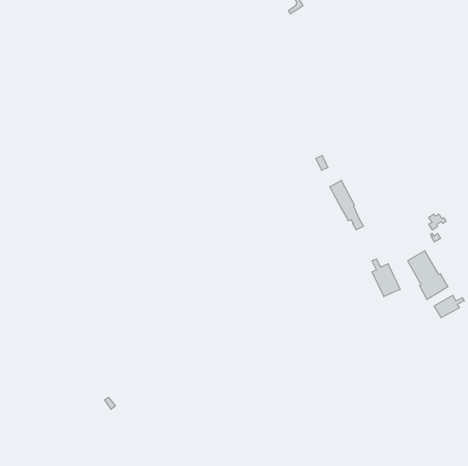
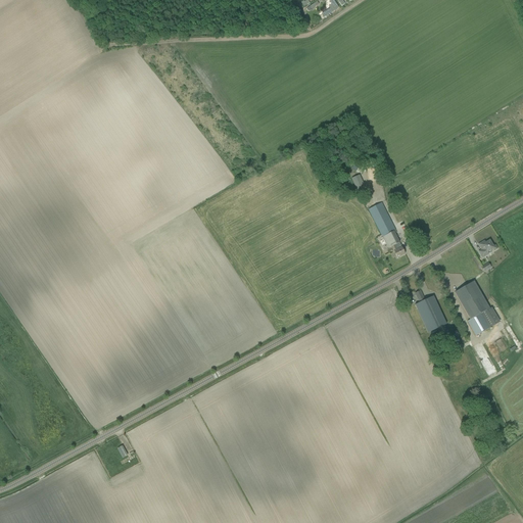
building: [434,295,464,318] -> none

